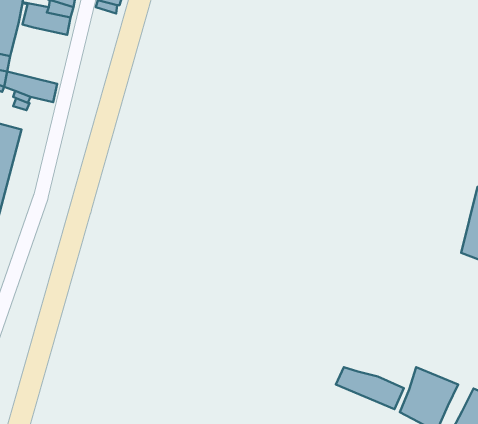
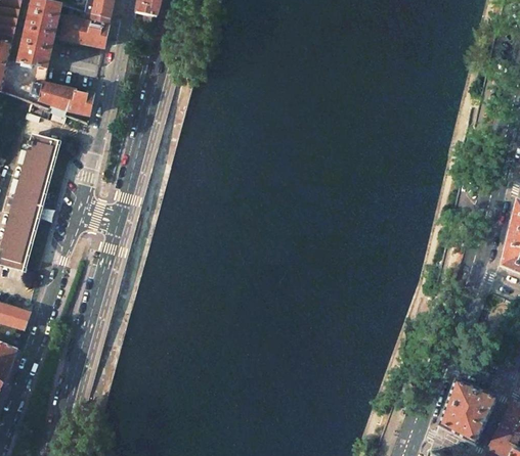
building: [336,367,404,409] -> none

